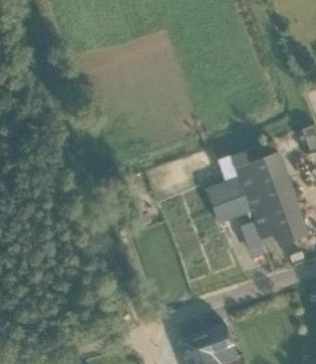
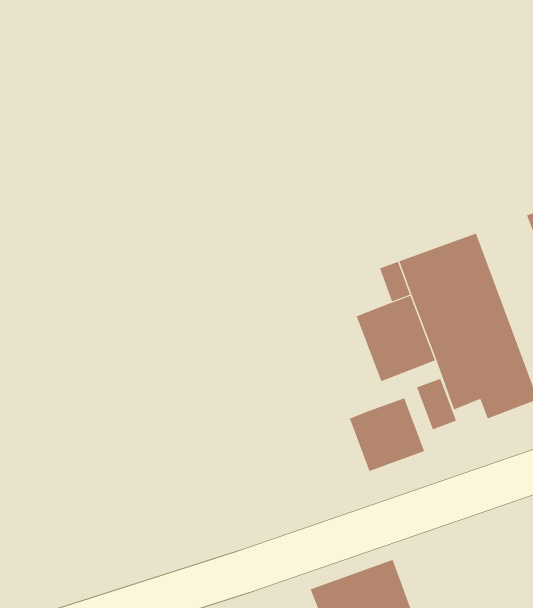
building: none -> [349,398,425,472]

